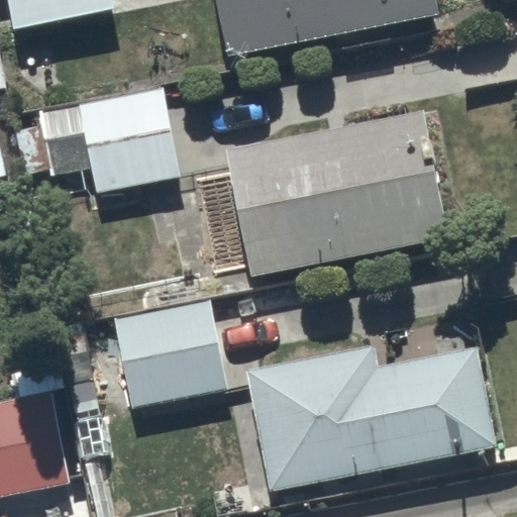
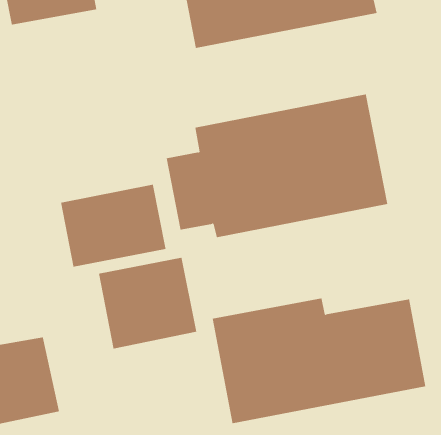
building: [18,85,181,196] -> none
building: none -> [60,184,166,267]

